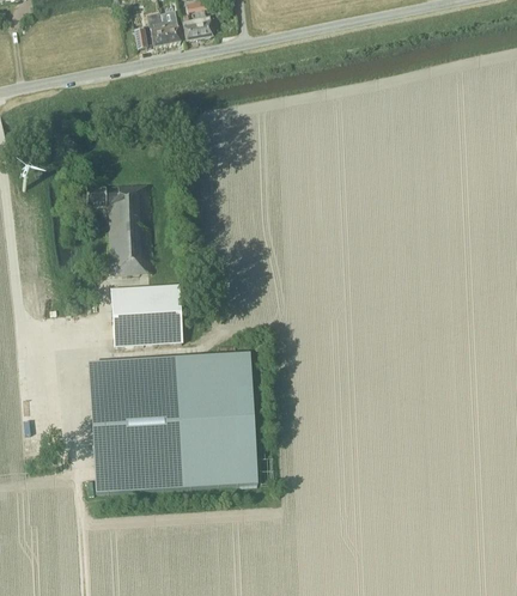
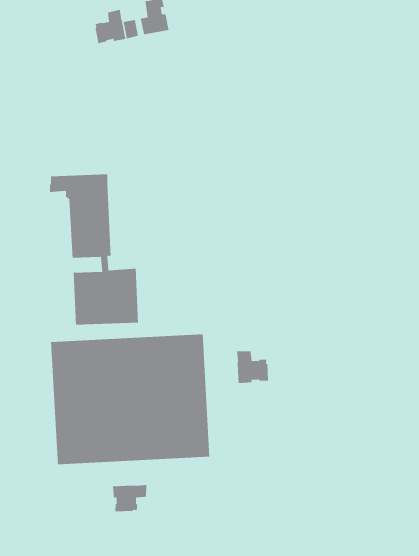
building: none -> [236,350,269,384]
building: none -> [112,484,147,512]

